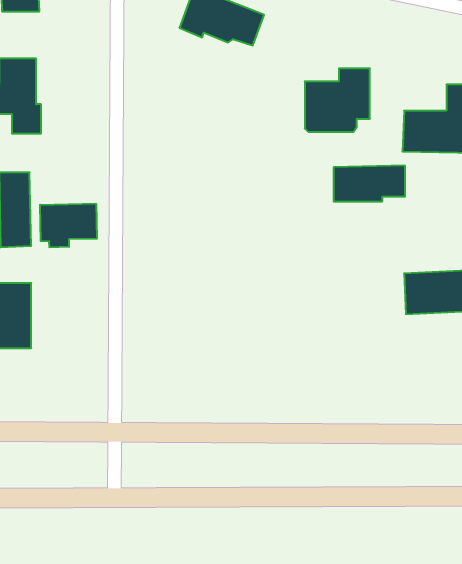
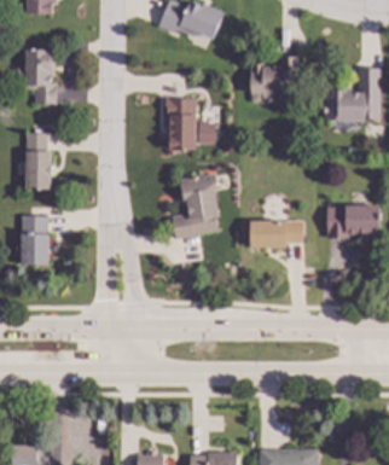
building: none -> [166,98,202,149]
building: [334,166,405,201] -> [250,220,303,246]
building: [40,204,97,247] -> none
building: none -> [172,174,221,238]

